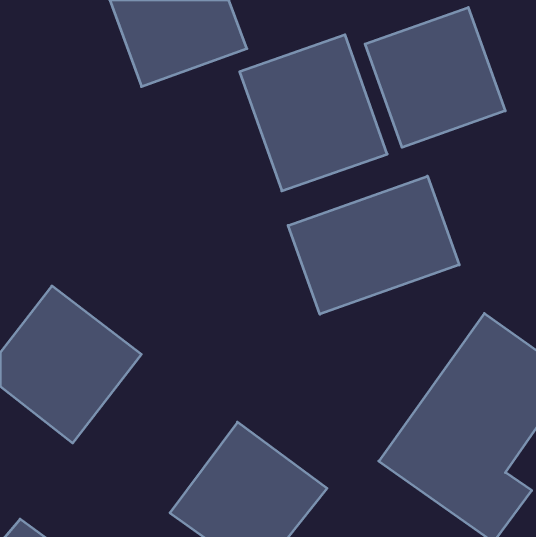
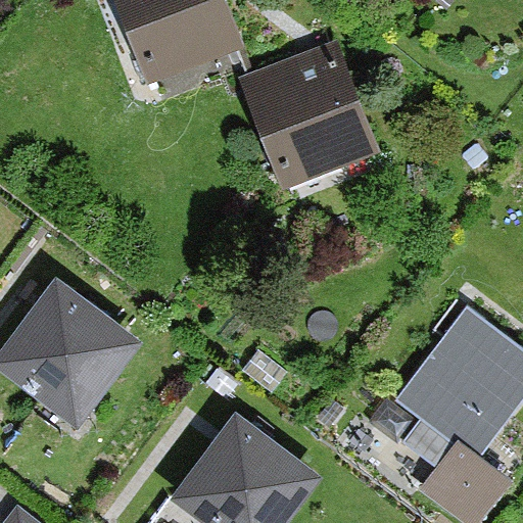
building: [365,7,505,147] -> none
building: [288,176,459,314] -> none

